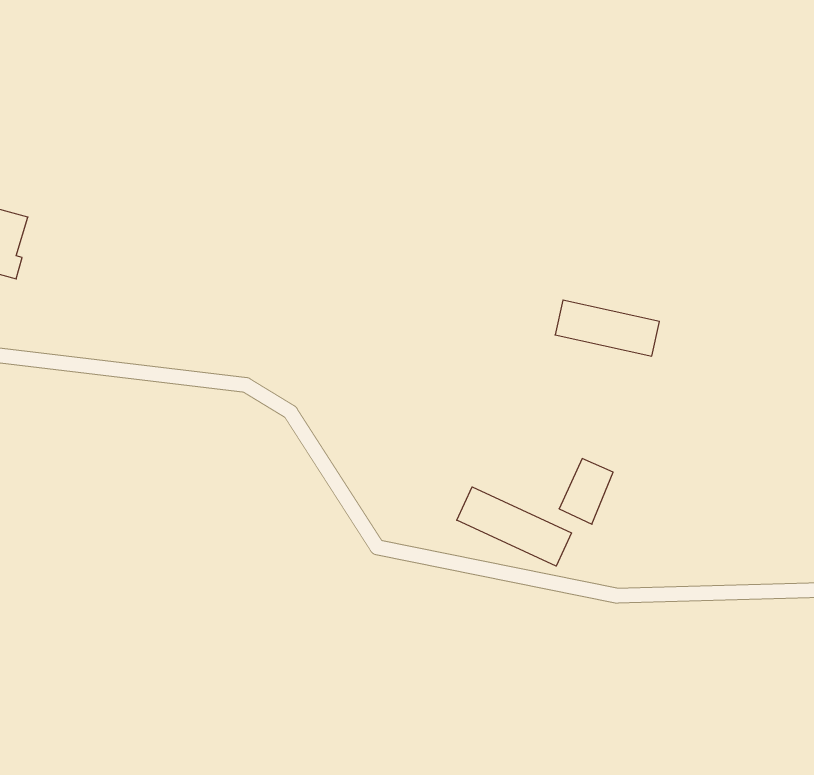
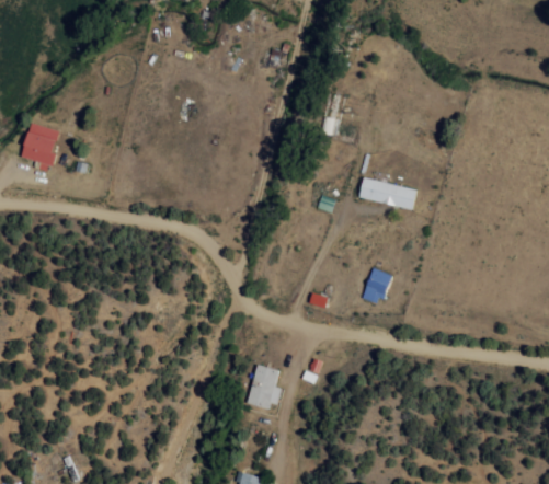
building: [457,487,571,566] -> none
building: none -> [247,364,279,410]

